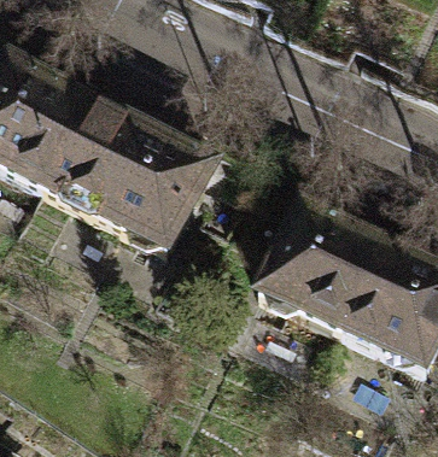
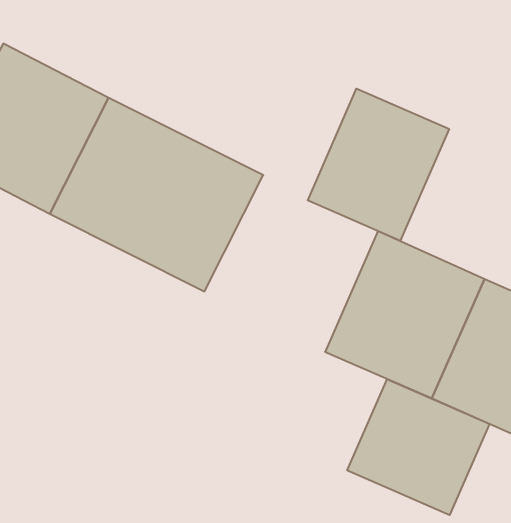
building: none -> [308,89,449,241]
building: none -> [347,379,489,515]

